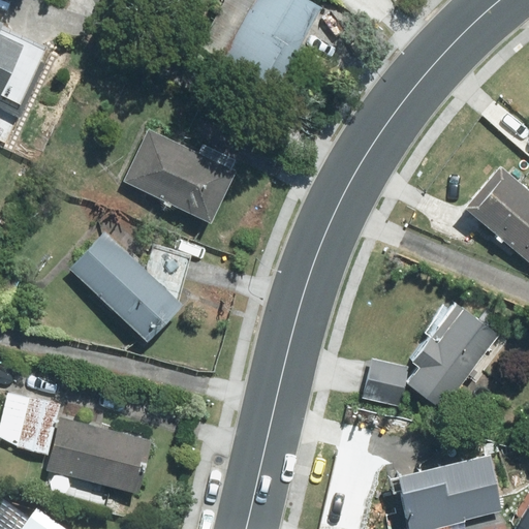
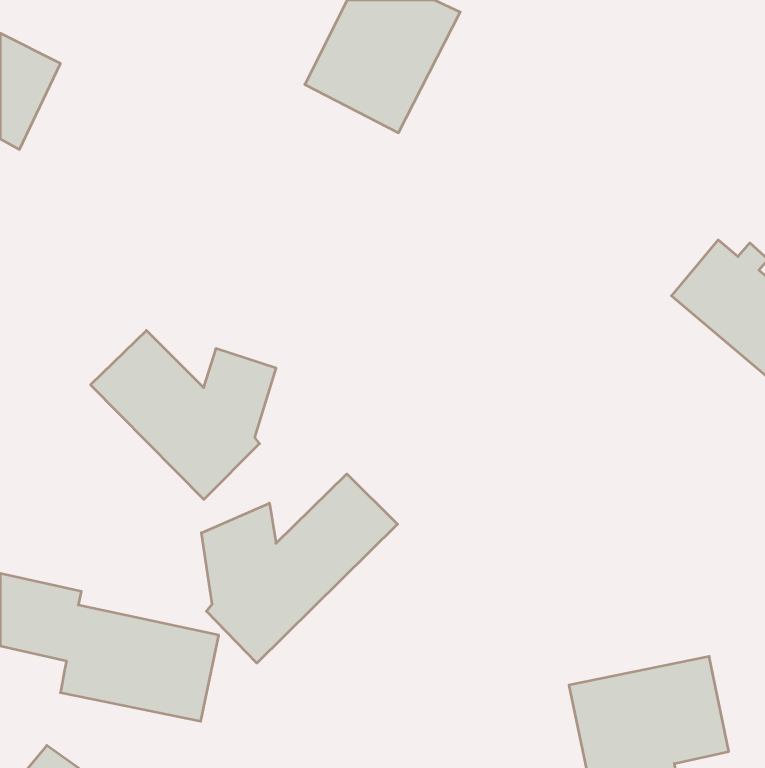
building: [124,132,232,223] -> none
building: [387,297,501,418] -> none
building: none -> [201,474,398,663]

